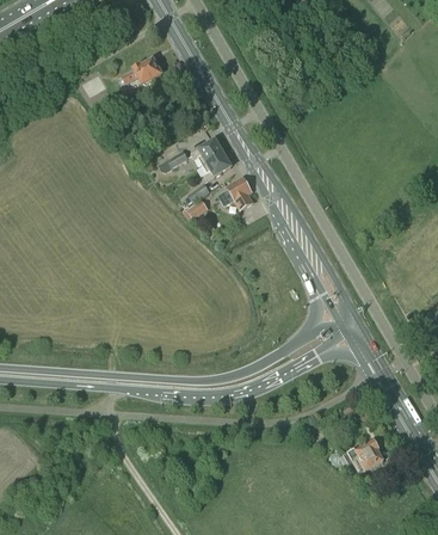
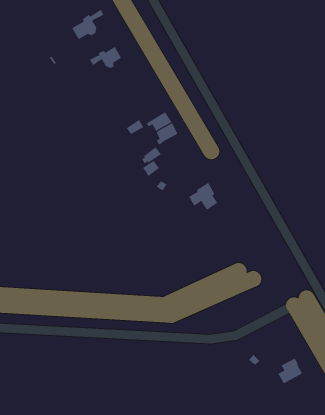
building: none -> [71,9,104,40]
building: [217,176,254,210] -> [188,182,218,210]

